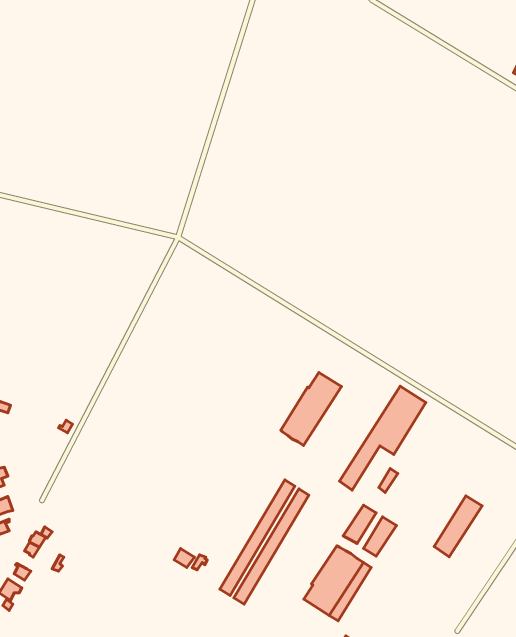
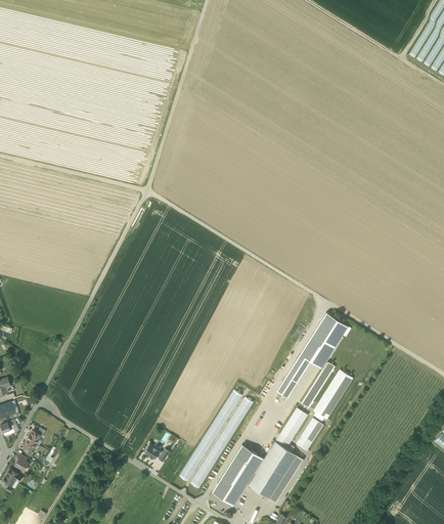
building: [281,372,341,445] -> none
building: [434,496,482,557] -> [313,370,352,420]
building: none -> [211,445,262,506]

